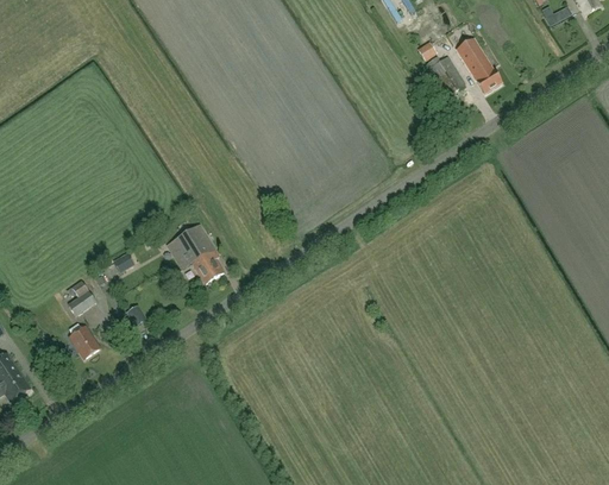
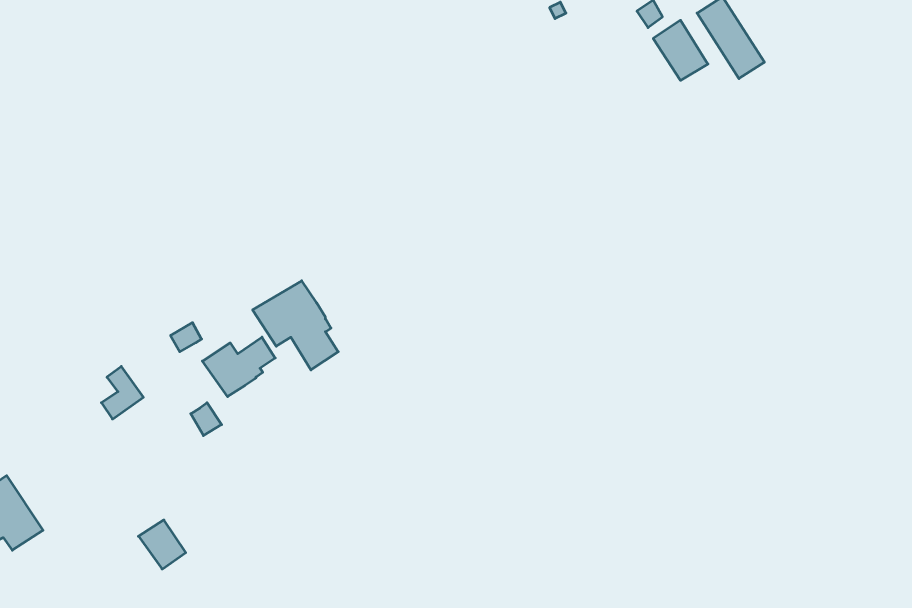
building: none -> [202,337,275,397]
building: [68,326,99,358] -> [138,520,186,569]

